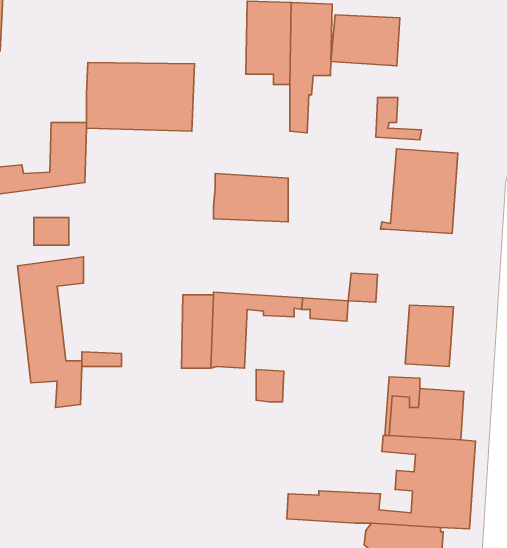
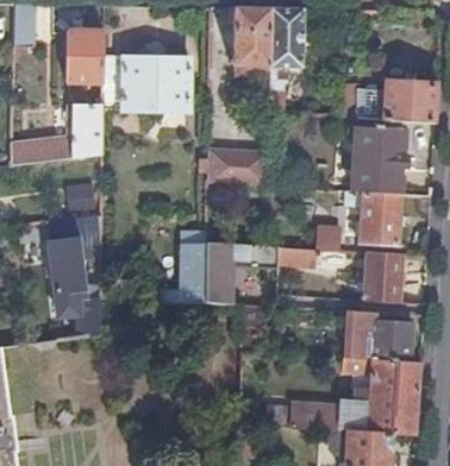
building: [331,15,400,66] -> [382,80,438,121]
building: none -> [68,29,105,80]
building: none -> [345,190,401,245]

